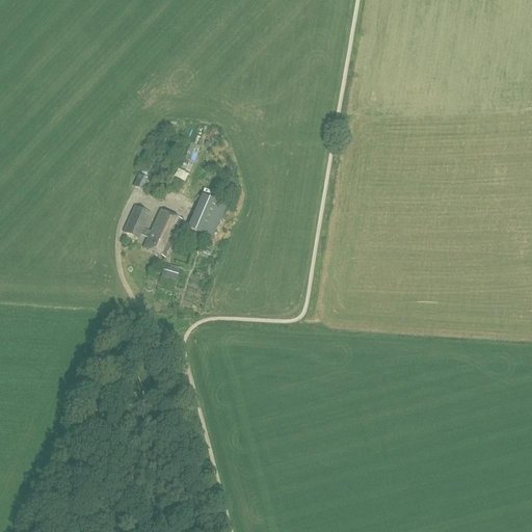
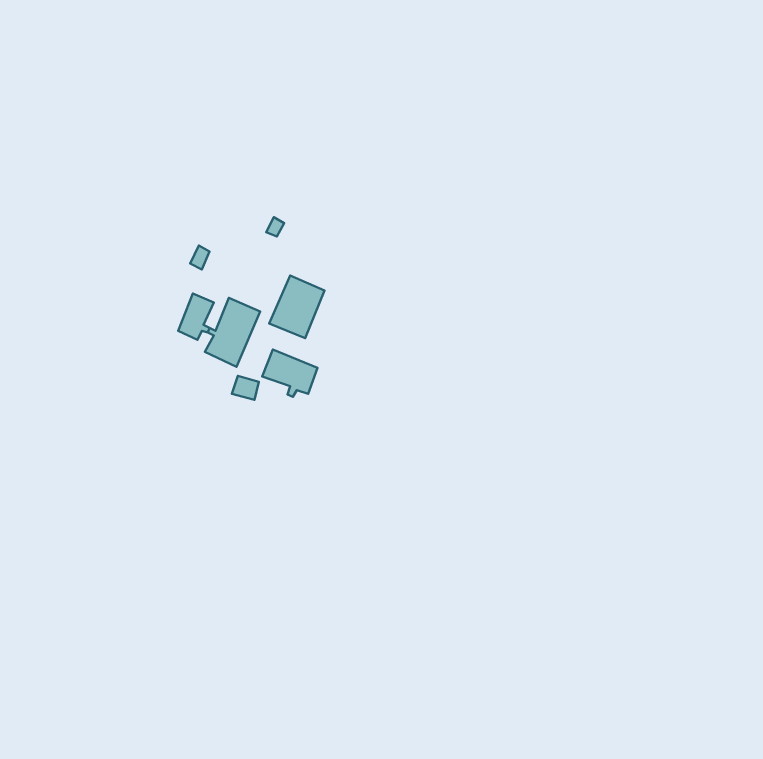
building: none -> [262,349,317,397]

